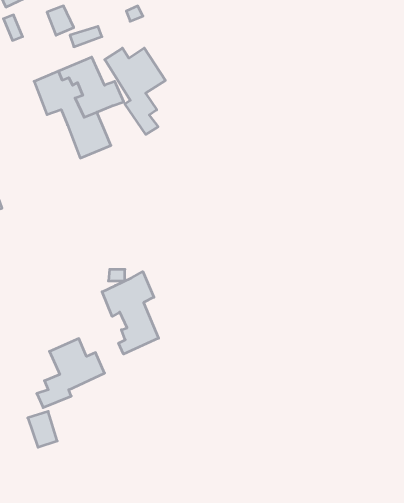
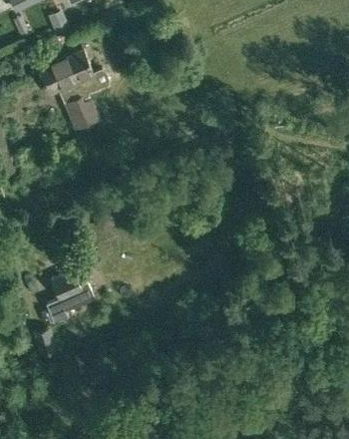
building: [105,48,165,134] -> none
building: [102,272,159,354] -> none

